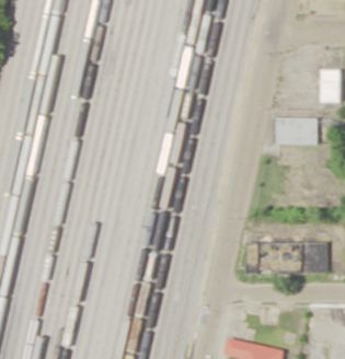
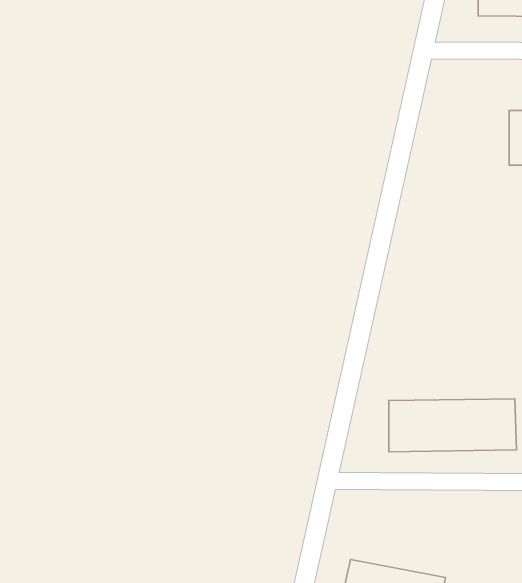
building: [276,117,317,143] -> none

